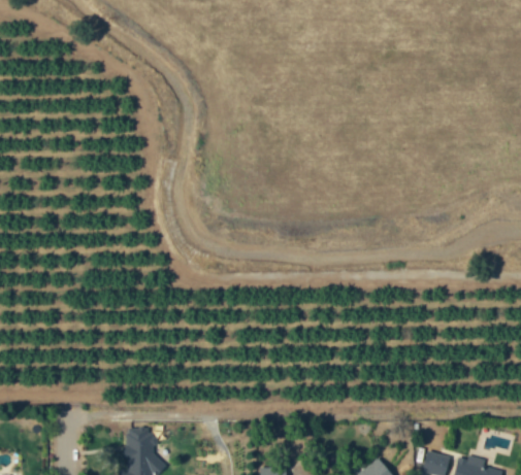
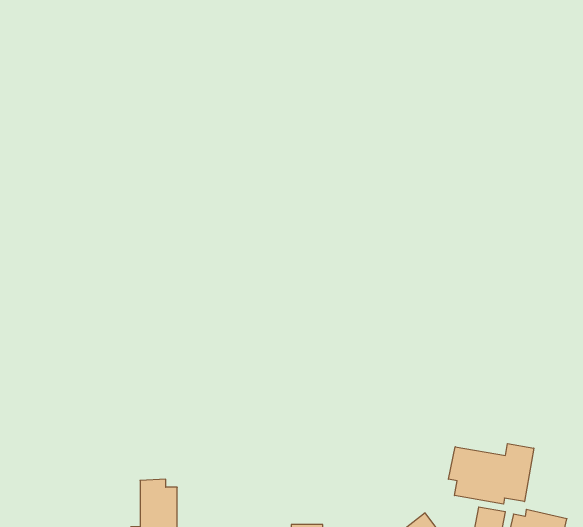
building: none -> [448,444,534,504]

